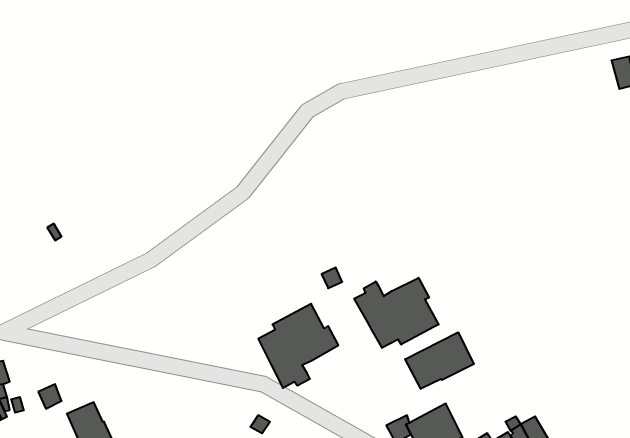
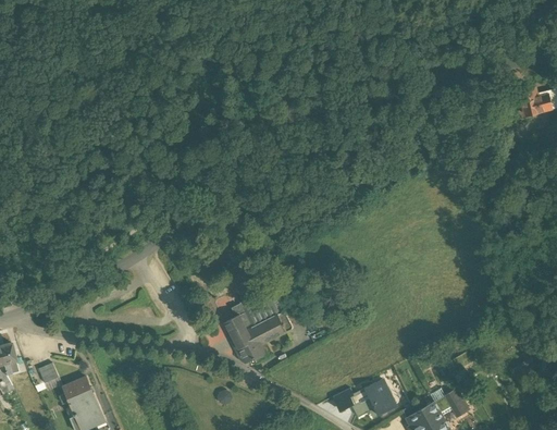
building: [354,278,439,348] -> none
building: [405,332,474,389] -> none

